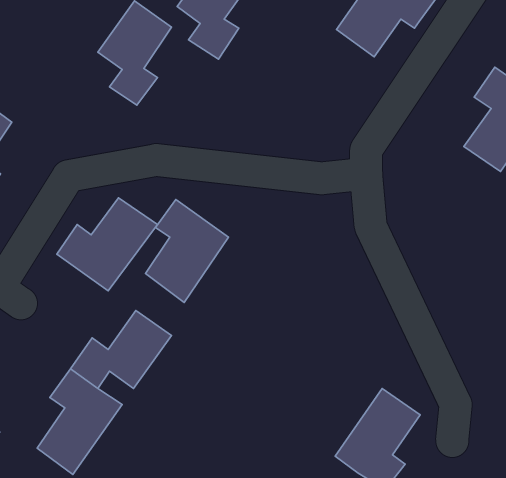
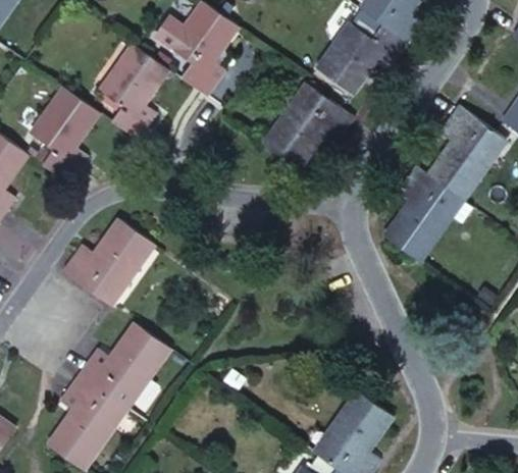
building: none -> [260,86,351,170]
building: none -> [33,90,100,185]
building: none -> [386,166,461,260]
building: [146,199,229,302] -> none

